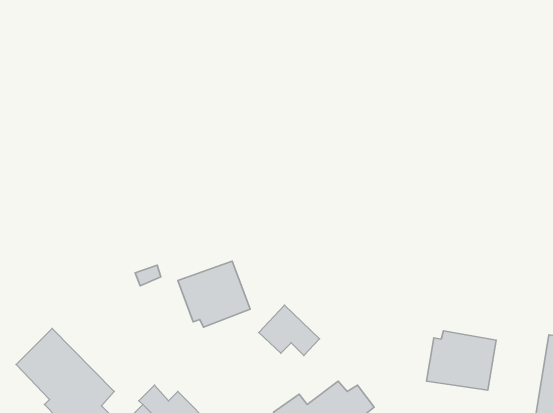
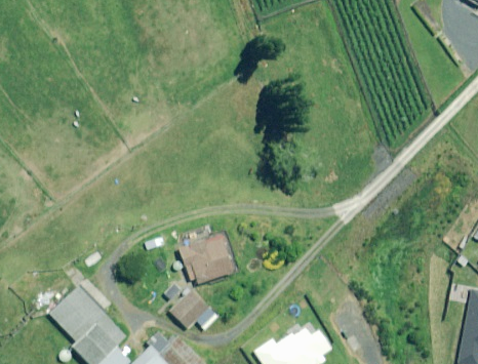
building: [259,305,320,356] -> [169,289,217,329]
building: [427,331,496,390] -> none

